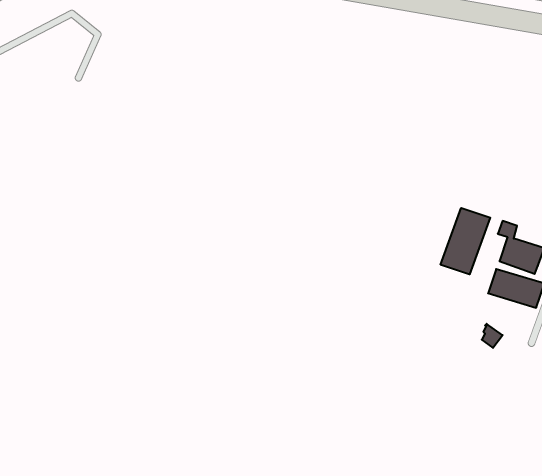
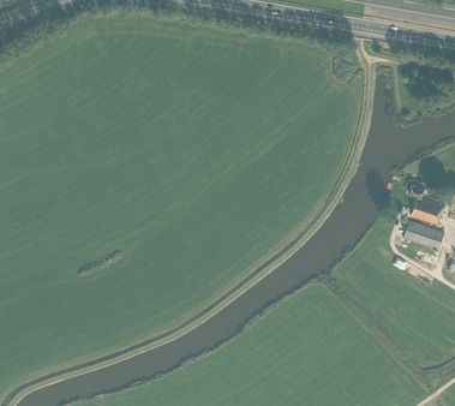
building: [441,208,490,274] -> none

